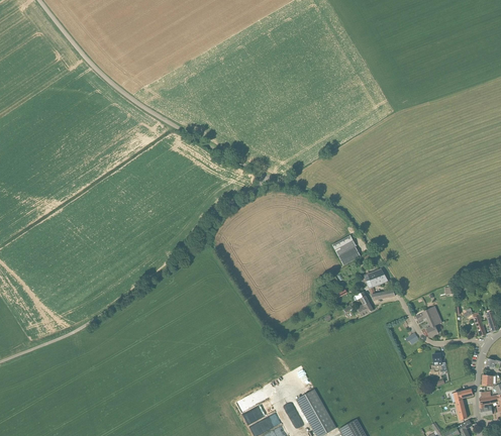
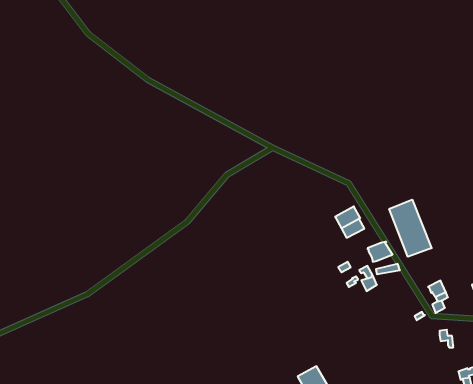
building: none -> [389,200,432,257]

